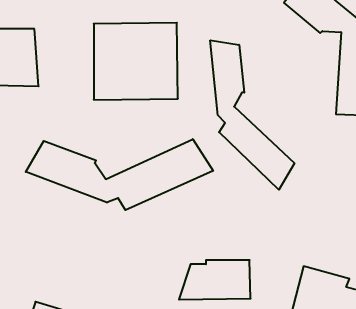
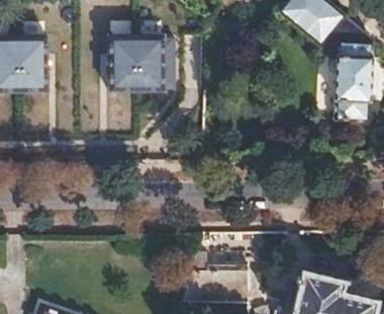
building: [210,40,294,190] -> none
building: [26,139,213,210] -> none

